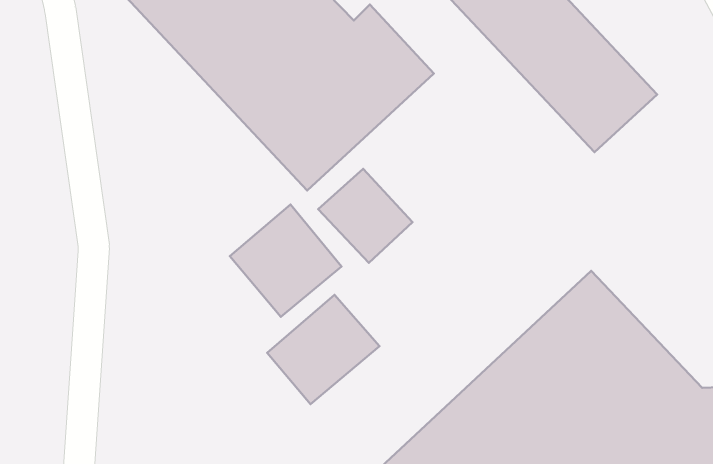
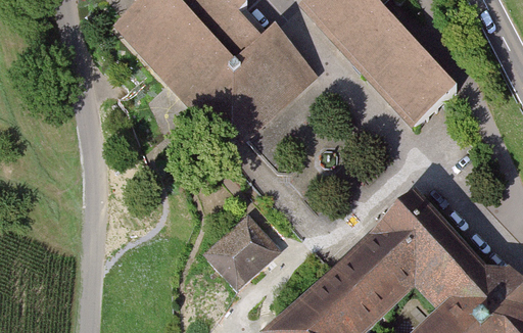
building: [318,169,412,263] -> none
building: [230,205,342,317] -> none

